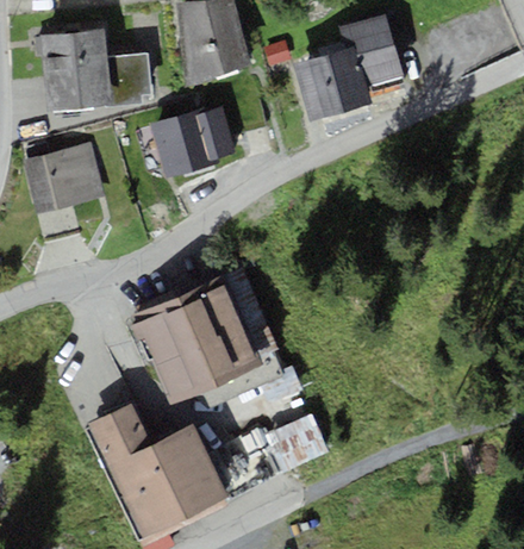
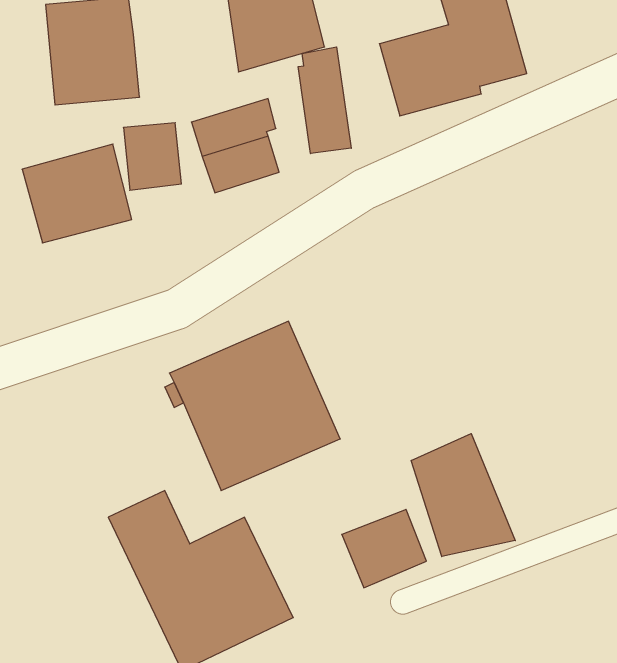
building: [106,54,150,105] -> [123,123,181,190]
building: none -> [298,47,351,154]
building: none -> [411,434,515,557]

